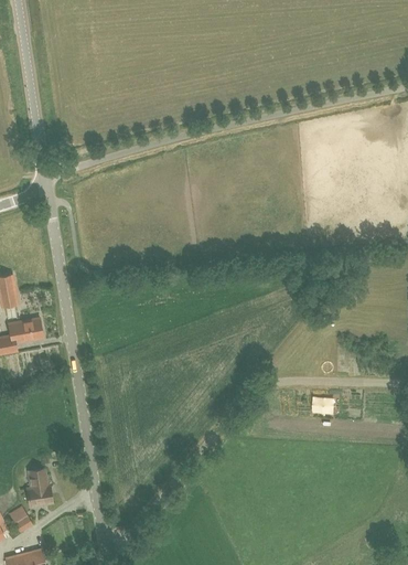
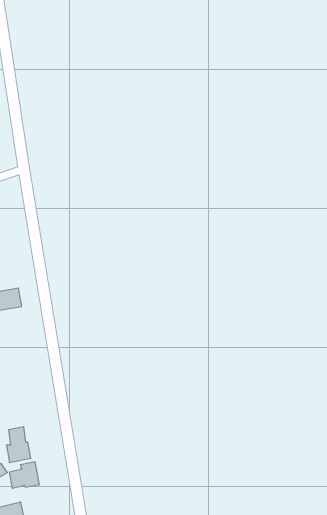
building: none -> [9,462,39,489]

